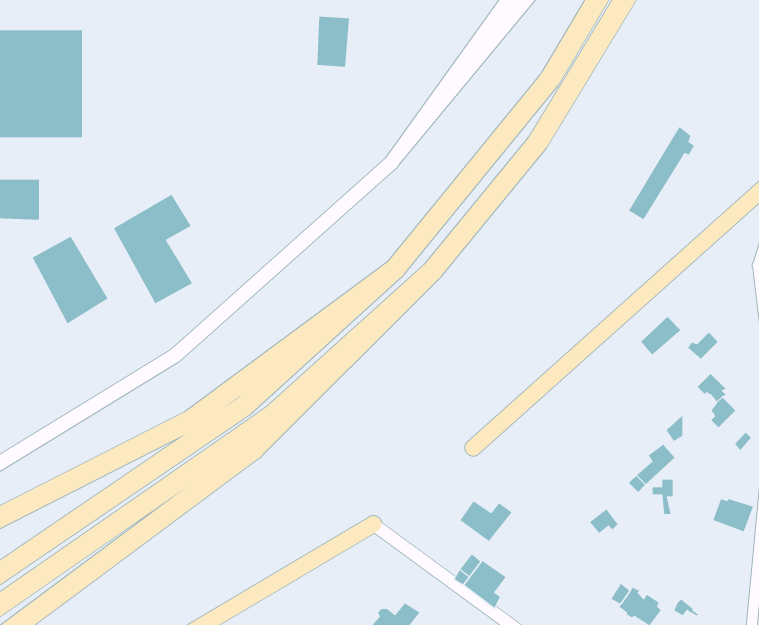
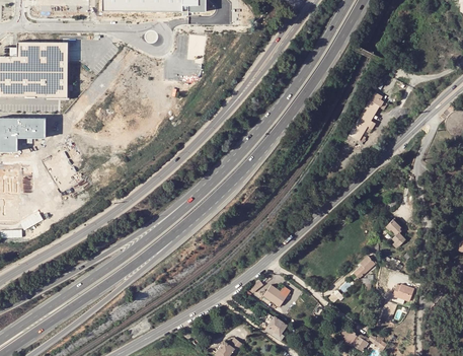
building: [113,194,193,304] -> none

